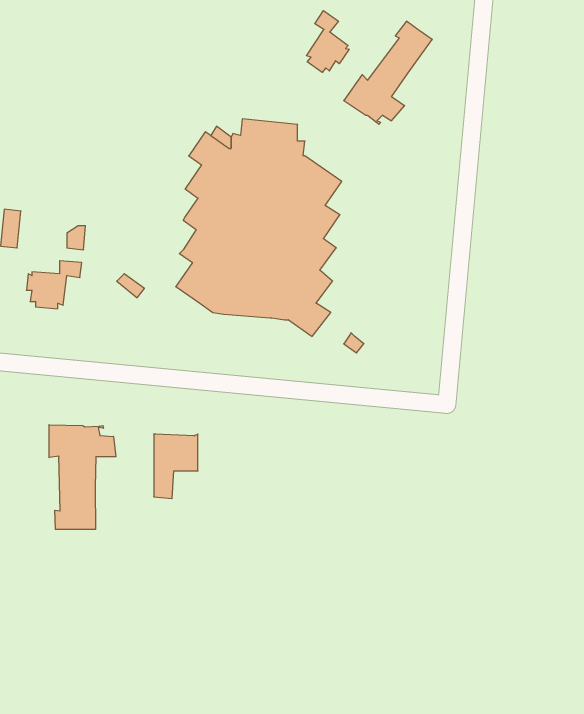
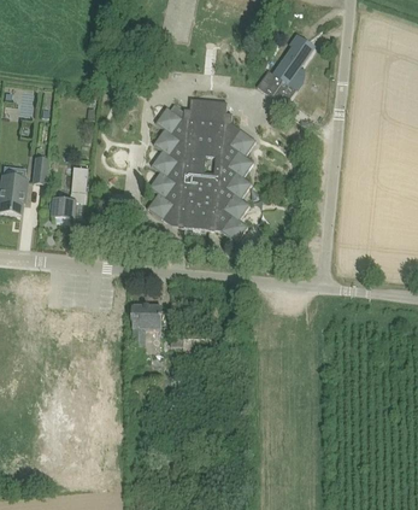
building: [306,11,349,72] -> none
building: [49,425,116,529] -> none

